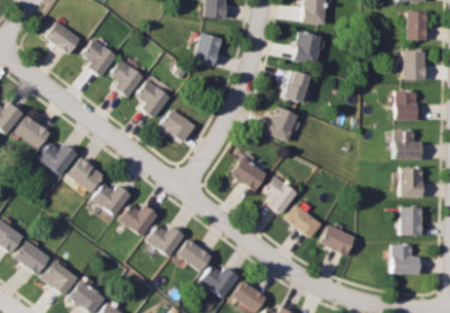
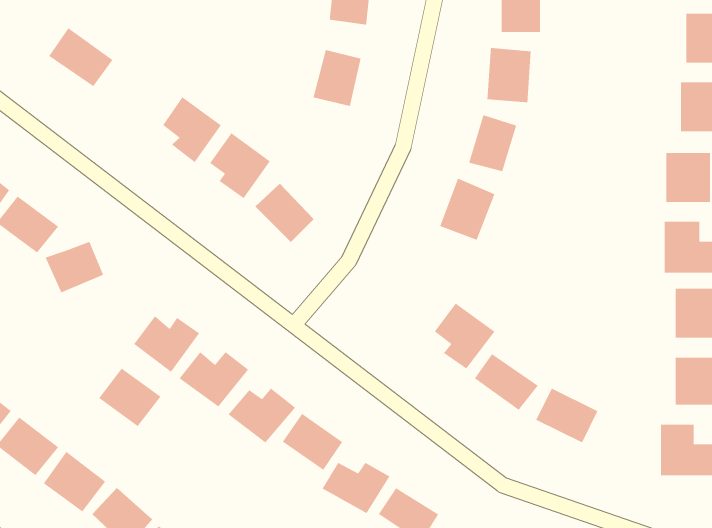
building: [81,38,116,76] -> none
building: [231,156,268,191] -> none
building: [68,157,104,191] -> [98,367,161,427]

